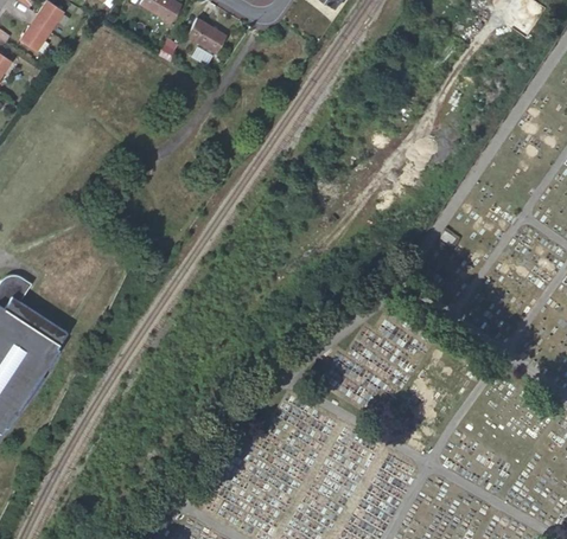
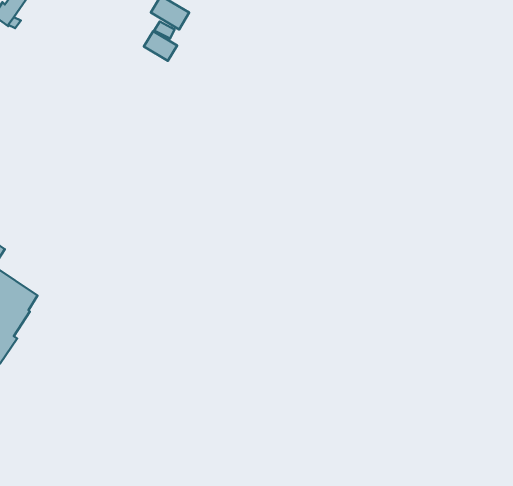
building: none -> [144,31,177,61]

